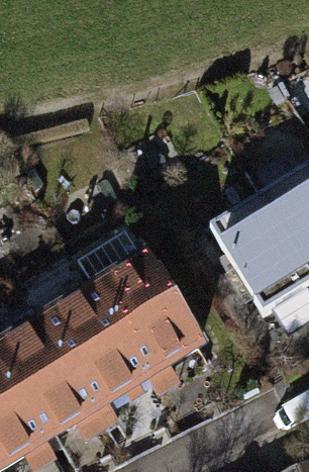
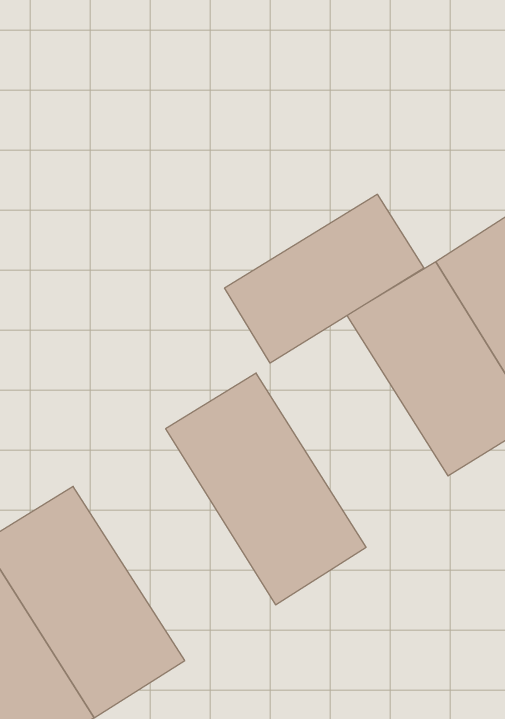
building: none -> [225,194,424,363]
building: [44,282,162,416] -> none

